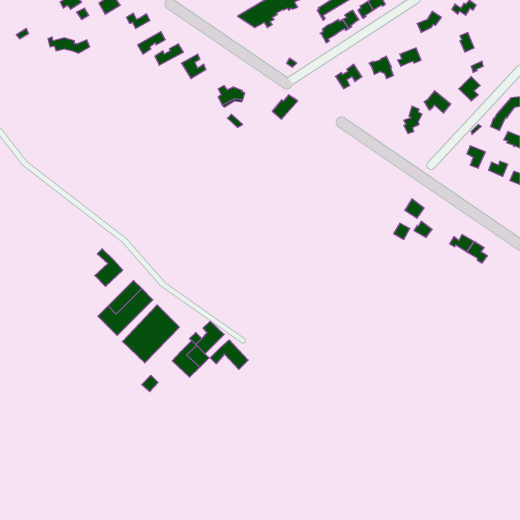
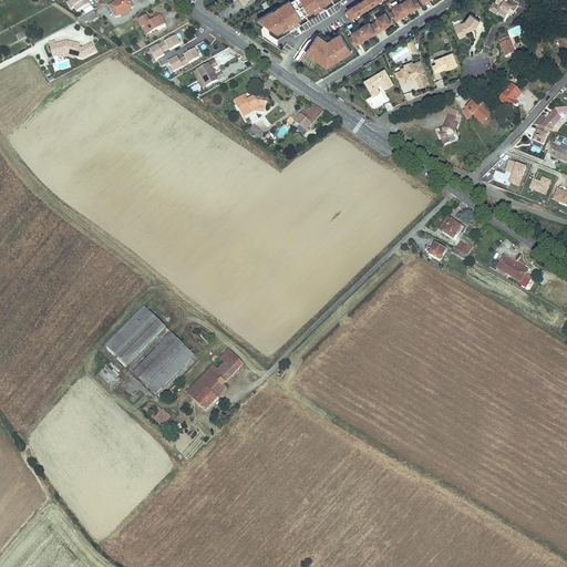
building: none -> [301,32,350,64]
building: [95,249,123,286] -> none
building: [210,340,248,369] -> none

